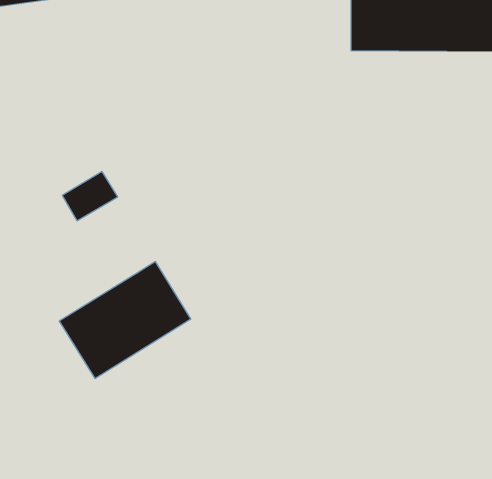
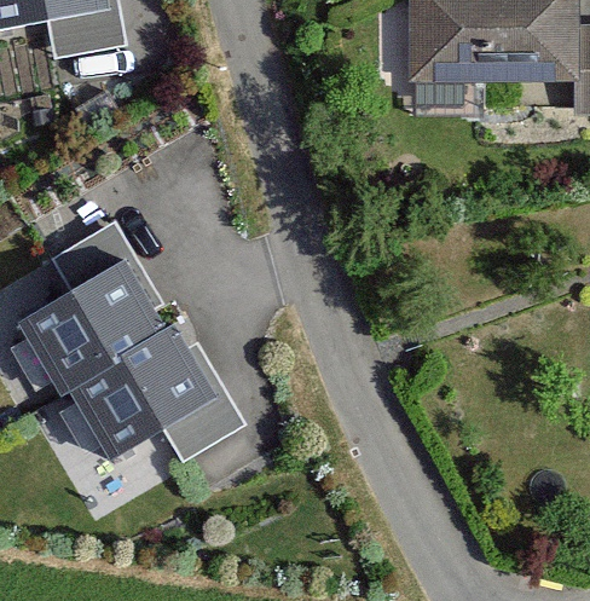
building: none -> [19,266,161,395]

